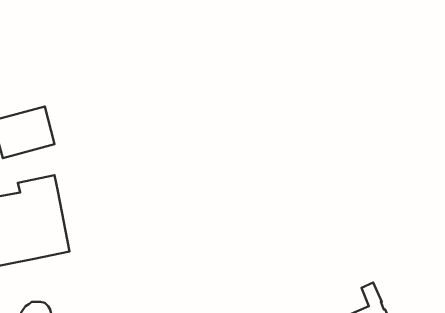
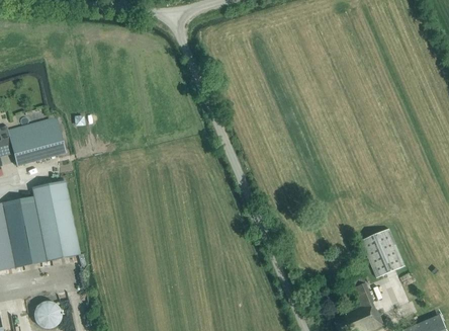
building: none -> [361,228,405,277]

